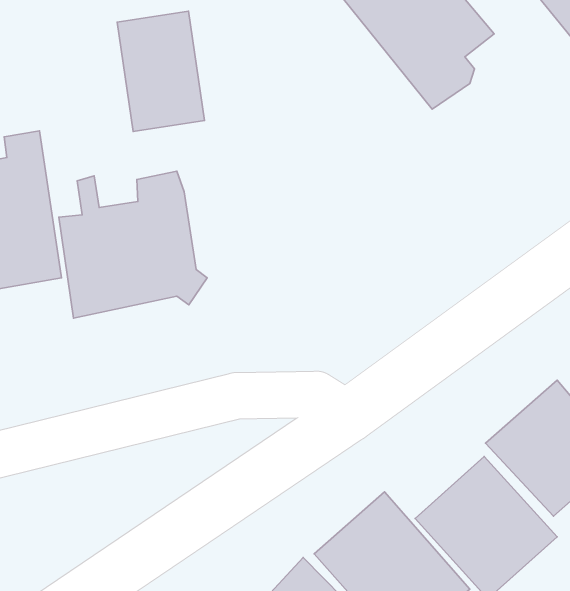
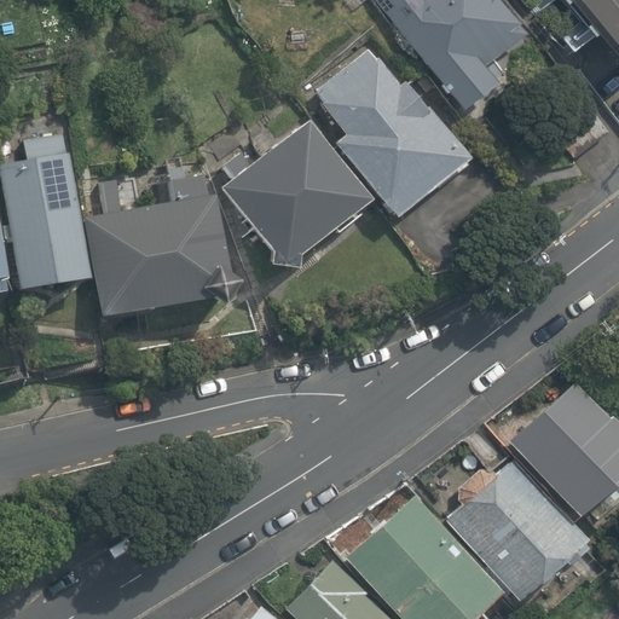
building: [117,11,204,132] -> none
building: none -> [320,47,479,216]
building: none -> [222,118,370,266]

